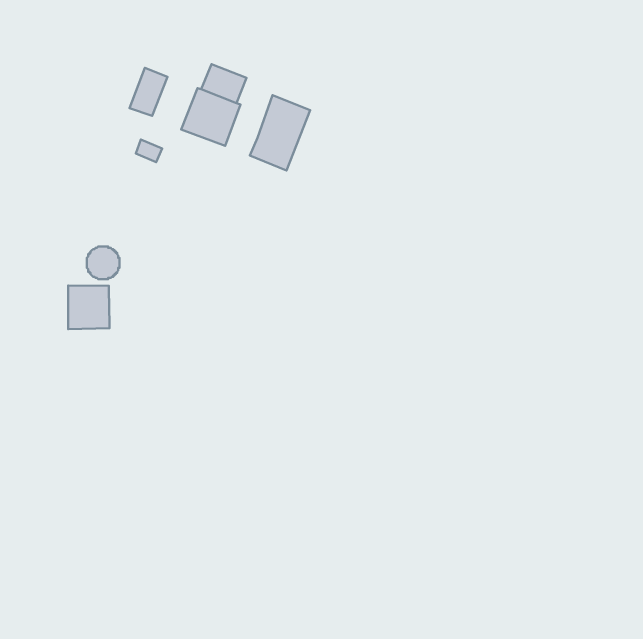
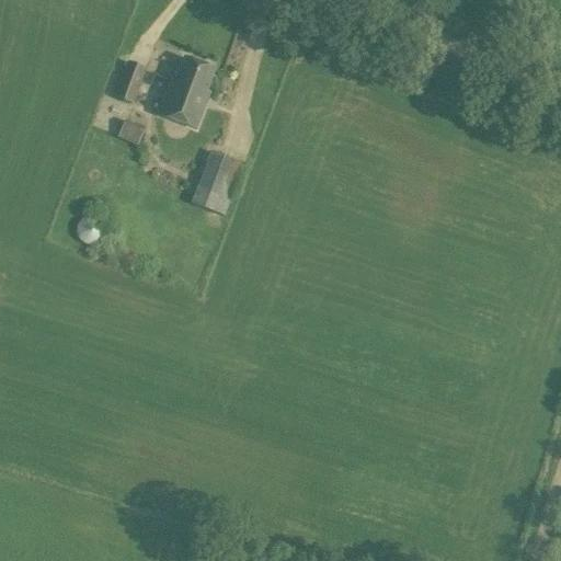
building: [250,95,310,171] -> [191,149,243,215]
building: [68,286,110,329] -> none

